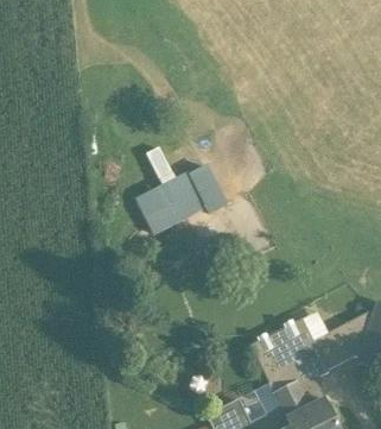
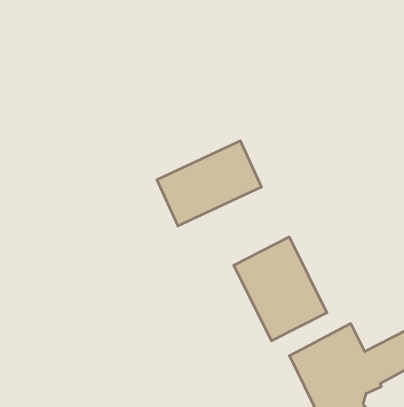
building: none -> [234,237,327,341]

